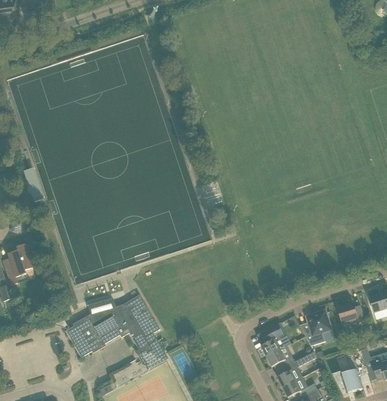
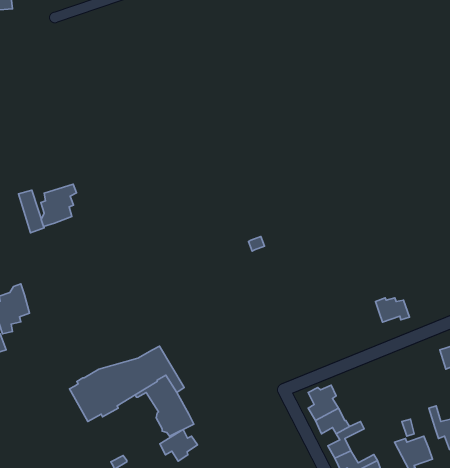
building: none -> [41,184,77,226]
building: [337,303,365,323] -> [375,298,409,322]
building: [305,309,331,345] -> none
building: none -> [160,429,198,461]

